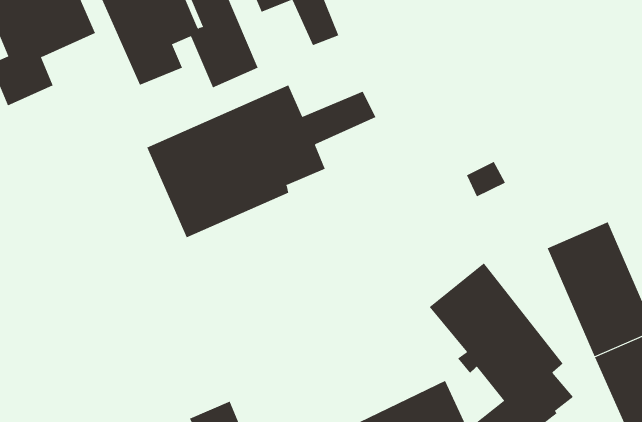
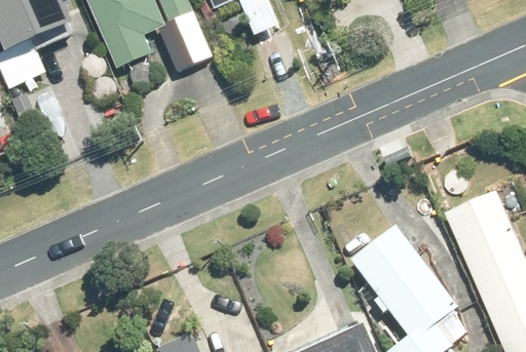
building: [146,85,376,238] -> none

